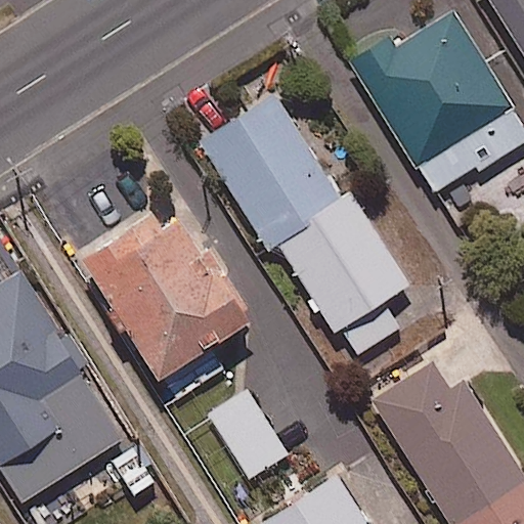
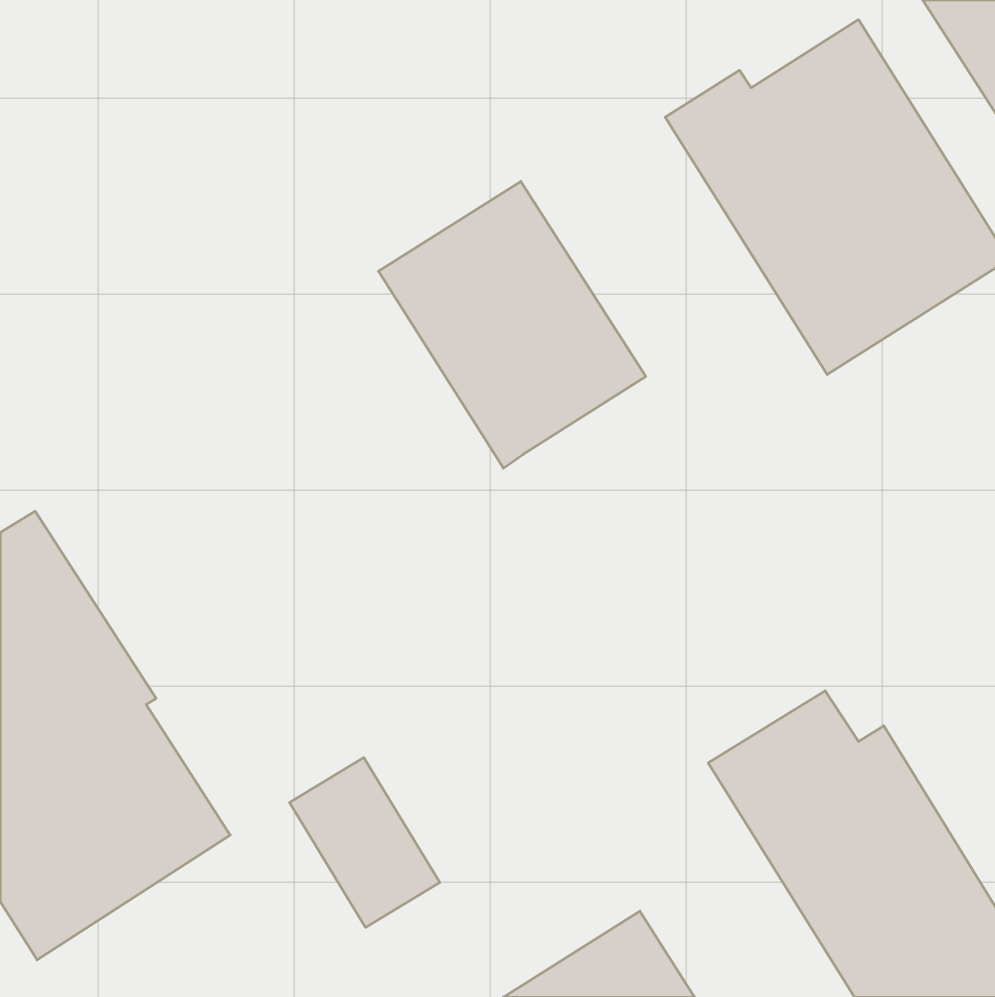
building: [275,191,408,358] -> none
building: [77,203,253,403] -> none
building: [209,389,288,478] -> [290,758,440,927]

